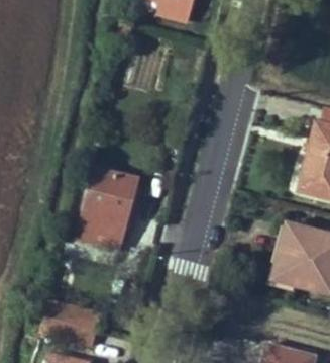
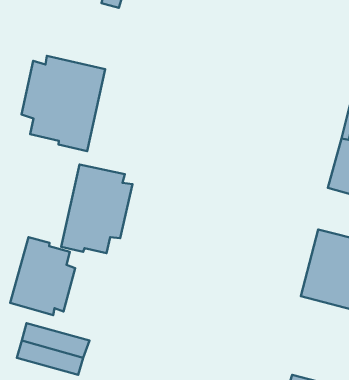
building: none -> [21,56,105,151]
building: none -> [10,237,75,315]

